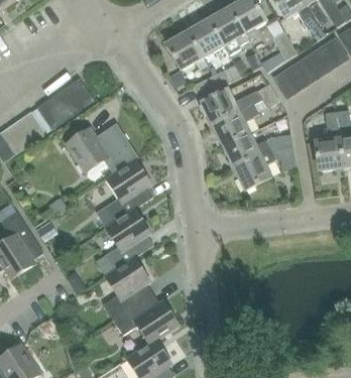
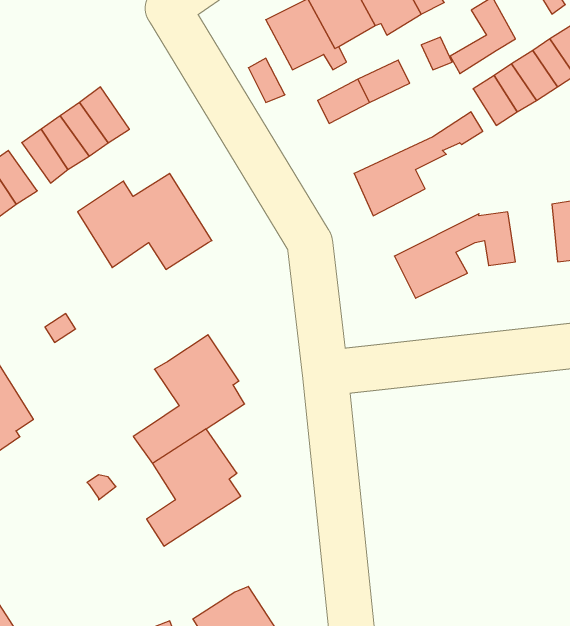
building: [201,73,272,123] -> none
building: [221,131,291,166] -> none
building: [103,159,153,222] -> none
building: [111,292,178,343] -> none

